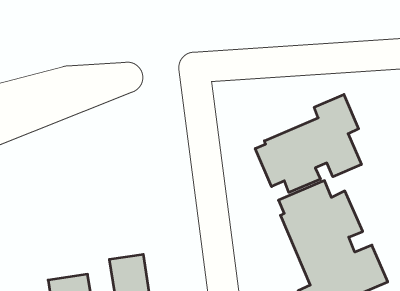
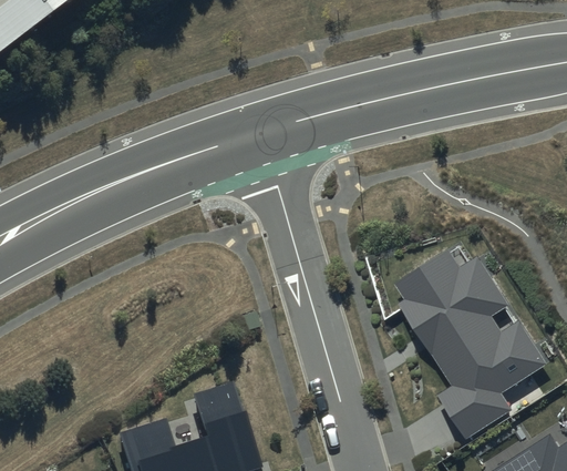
building: [255,94,361,192] -> none

